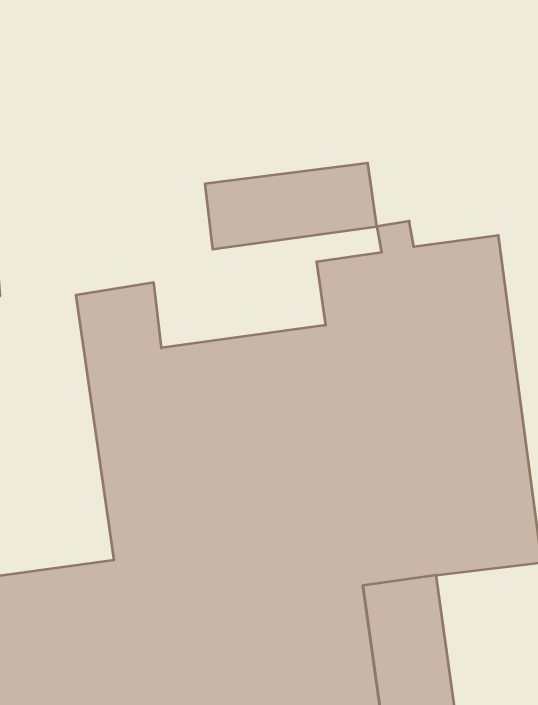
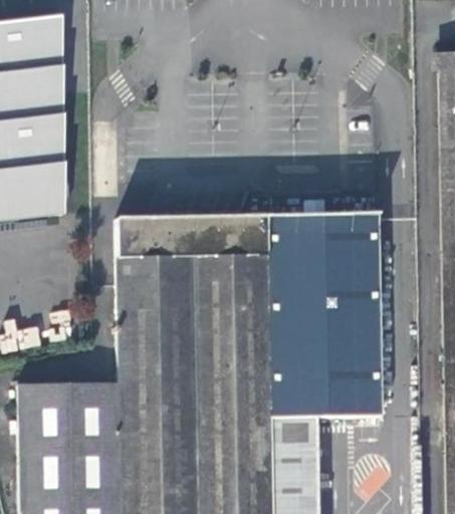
building: [205,163,377,249] -> [163,216,264,257]

